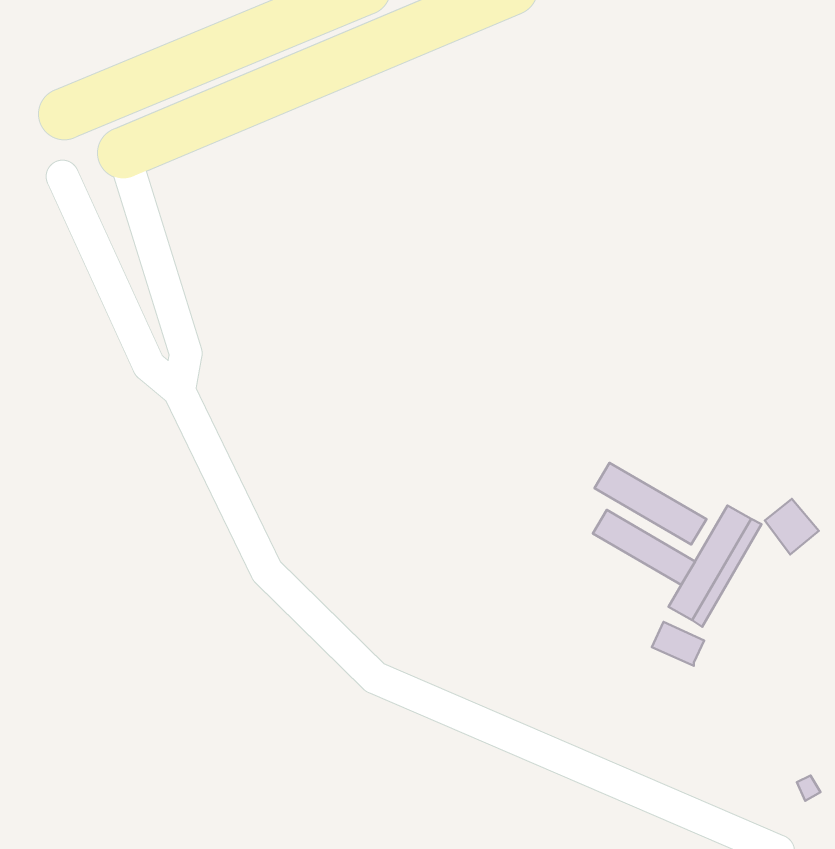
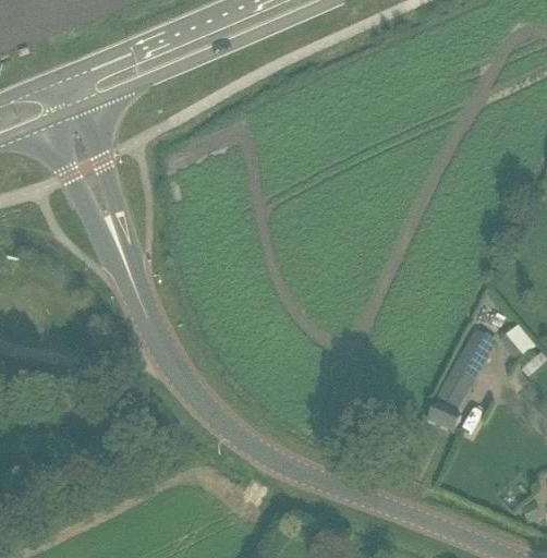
building: [594,463,706,545] -> none
building: [593,510,695,585] -> none

